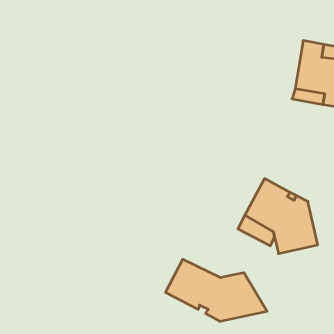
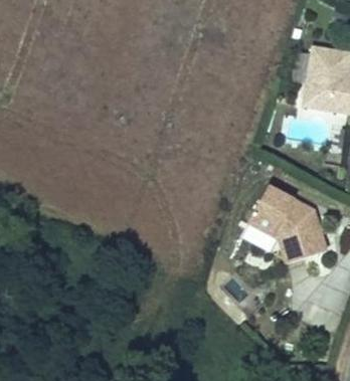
building: [166,259,267,321] -> none

